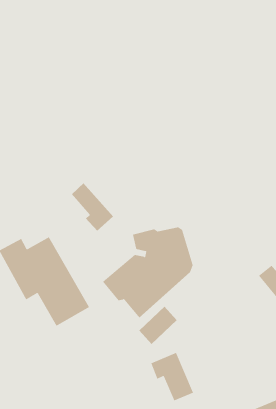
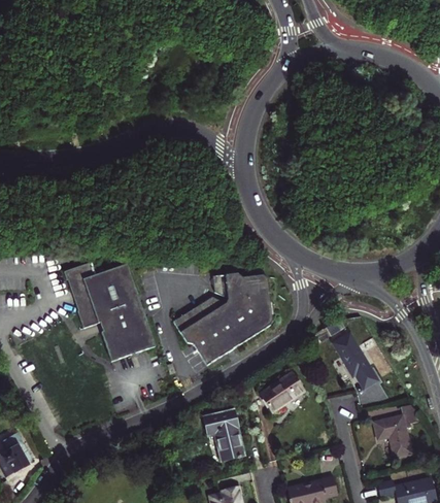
building: [71,183,114,232] -> none
building: [139,306,178,345] -> [263,372,306,411]

